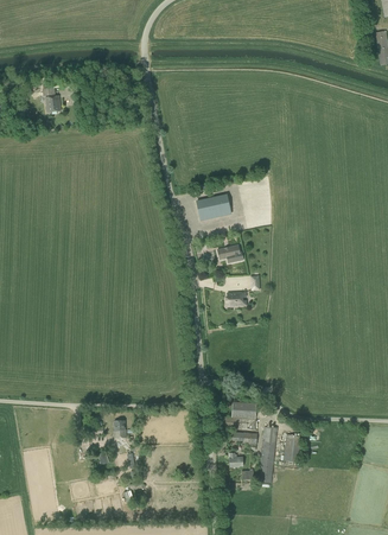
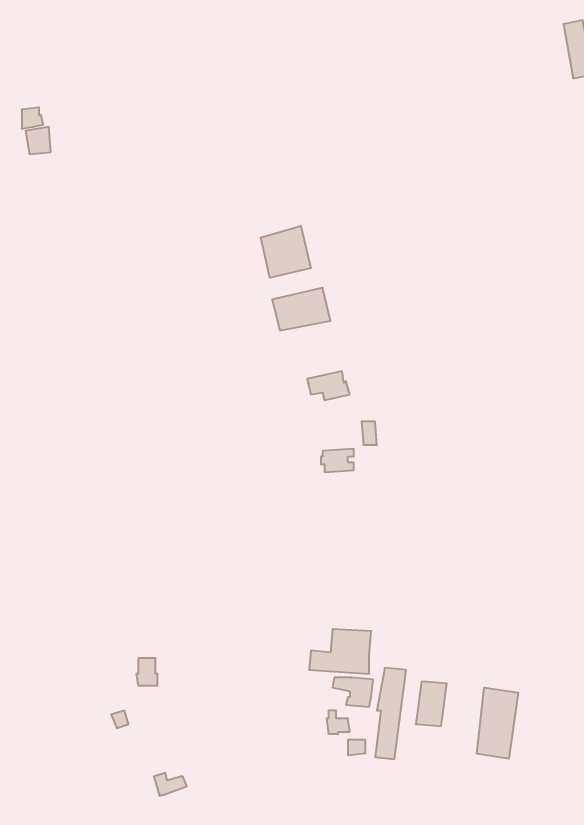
building: none -> [261,226,311,278]
building: none -> [477,688,518,759]

